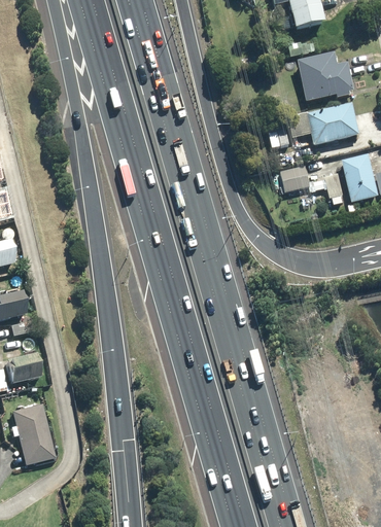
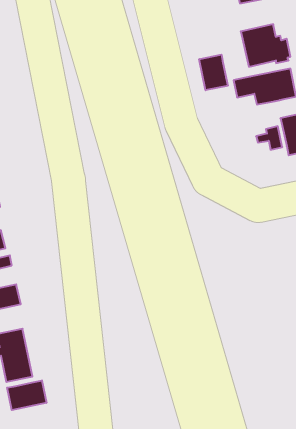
building: none -> [199,55,228,90]
building: [280,165,309,191] -> none
building: none -> [7,380,46,410]

